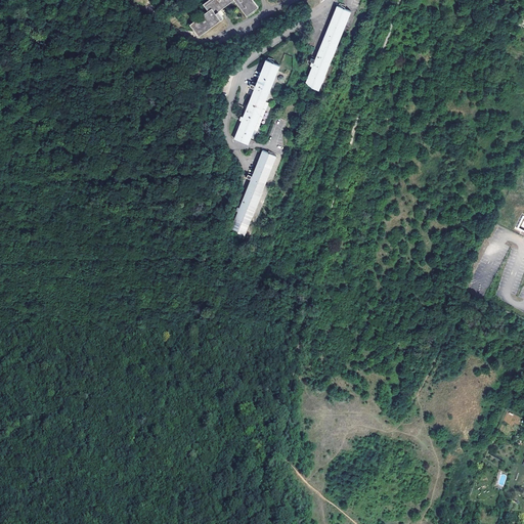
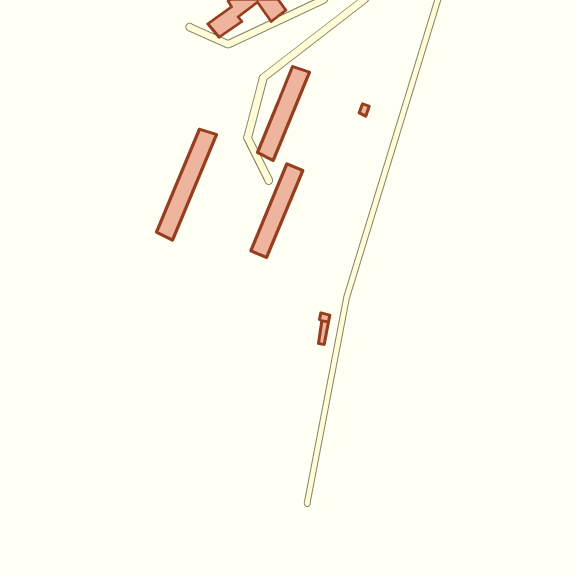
building: [305,4,352,89] -> none
building: none -> [156,129,216,240]

